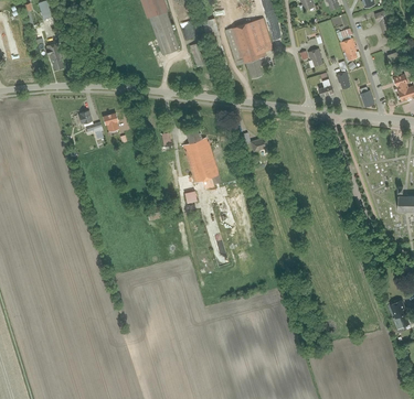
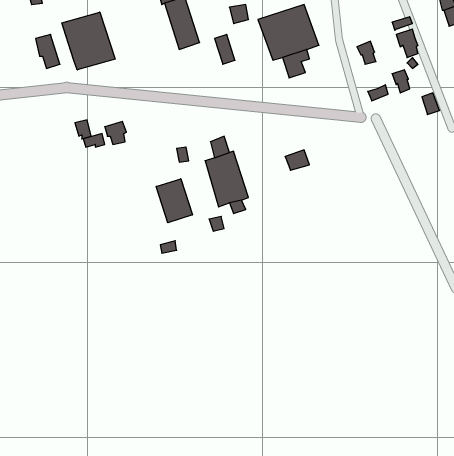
building: none -> [62,12,115,70]
building: none -> [156,179,192,223]

